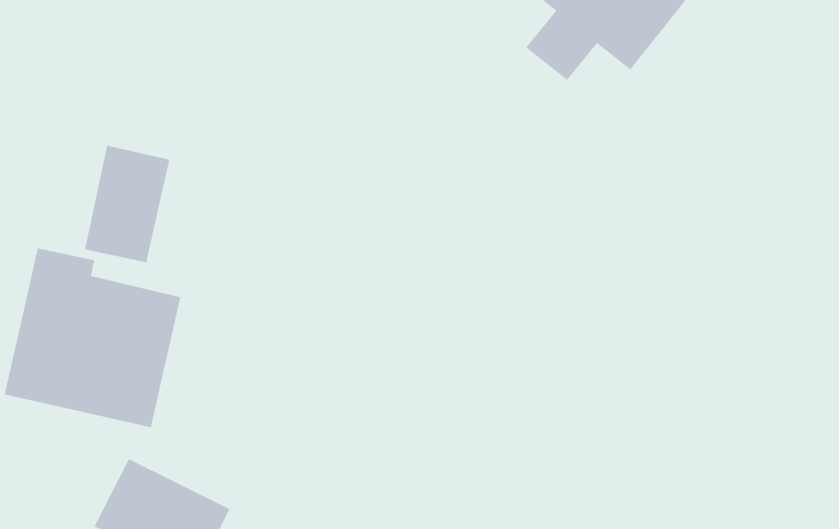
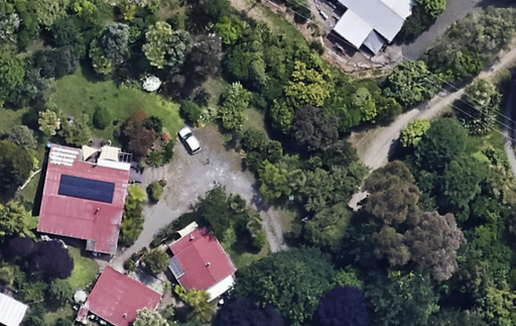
building: [84,145,170,263] -> none
building: none -> [166,222,235,295]

